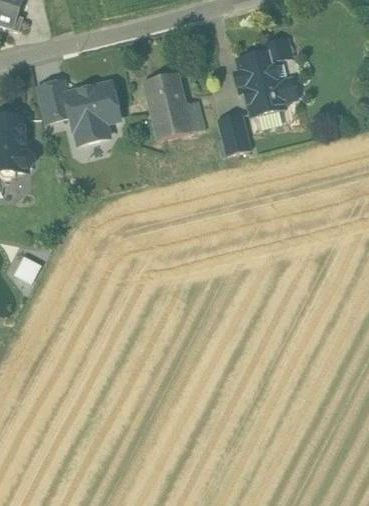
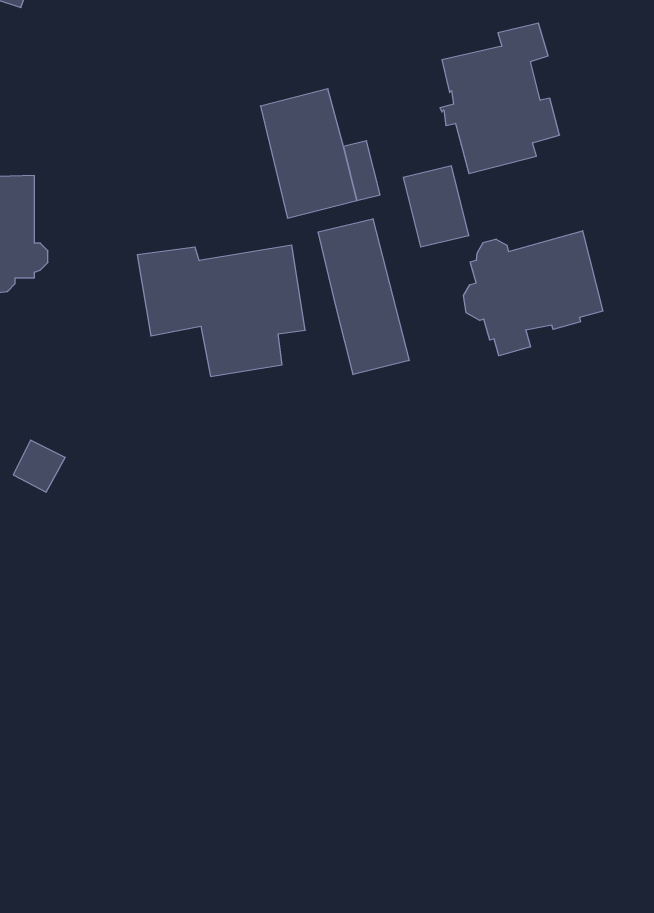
building: [35,76,122,144] -> [137,245,305,376]
building: none -> [318,219,409,375]
building: none -> [464,231,603,356]

